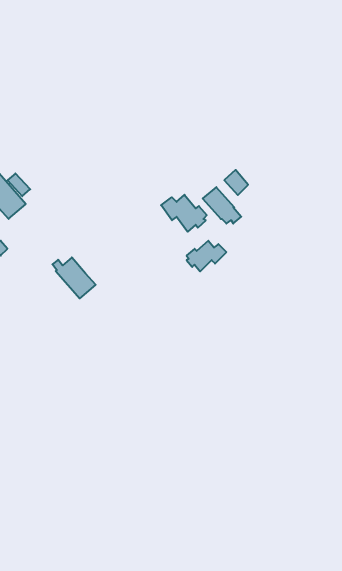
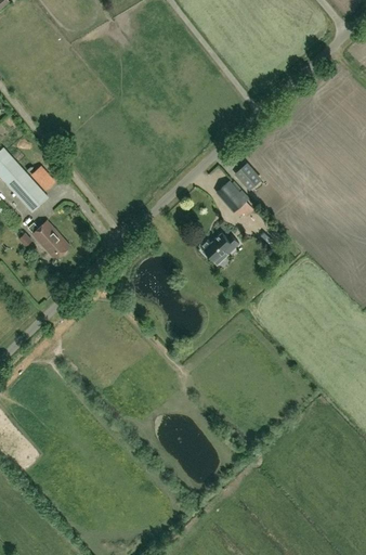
building: [161,195,207,232] -> none
building: [52,257,96,298] -> [29,221,70,260]

